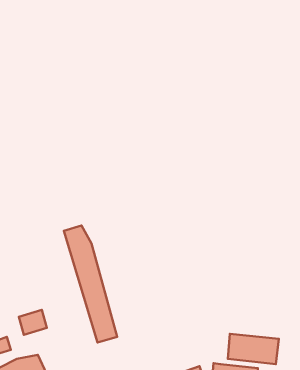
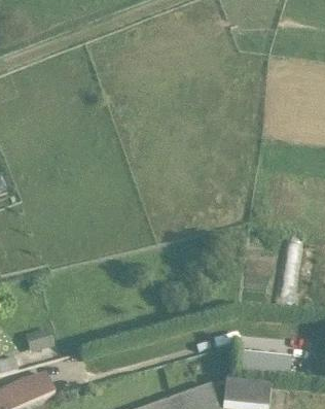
building: [64,226,117,343] -> none

